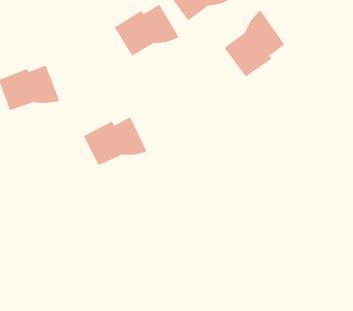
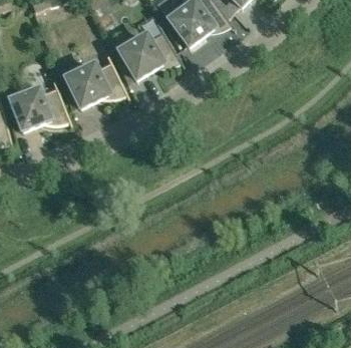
building: [224,10,285,78] -> none
building: [83,117,148,166] -> [65,61,125,107]

